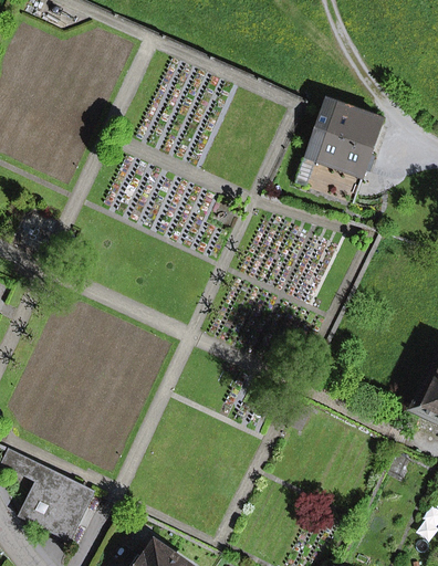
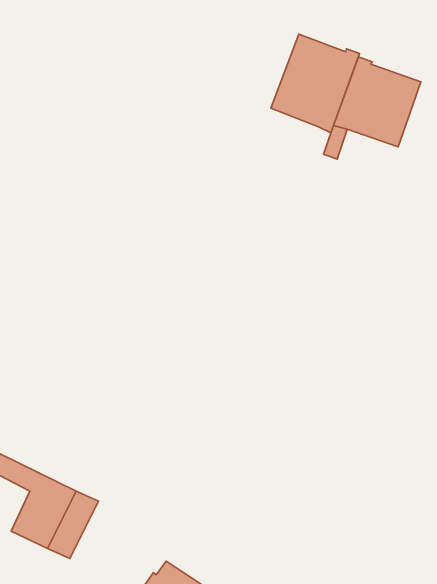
building: none -> [271,34,360,133]

